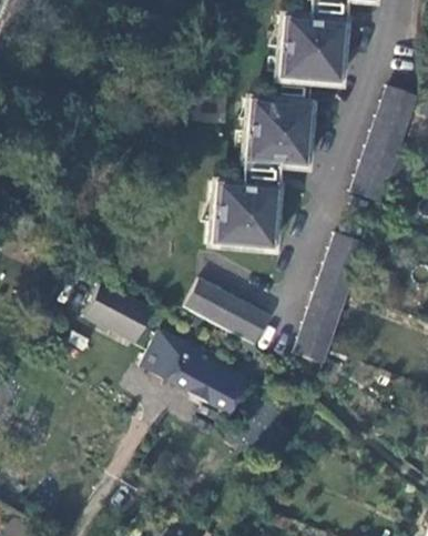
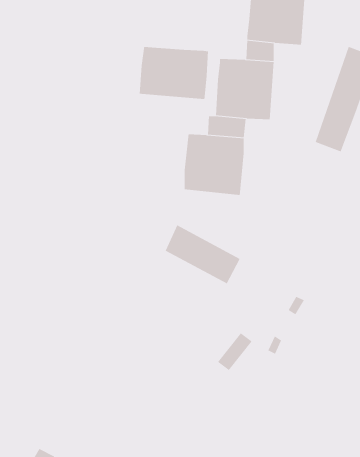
building: none -> [139,46,209,100]
building: [293,231,367,362] -> none
building: [81,283,149,342] -> none
building: [142,330,246,412] -> none

